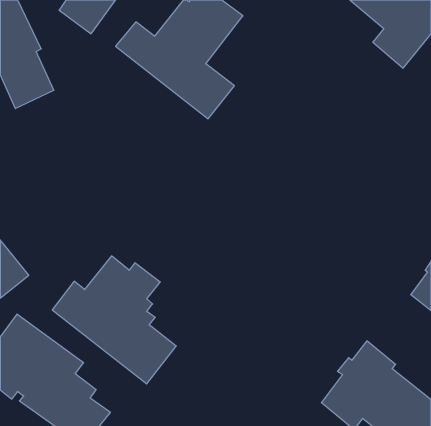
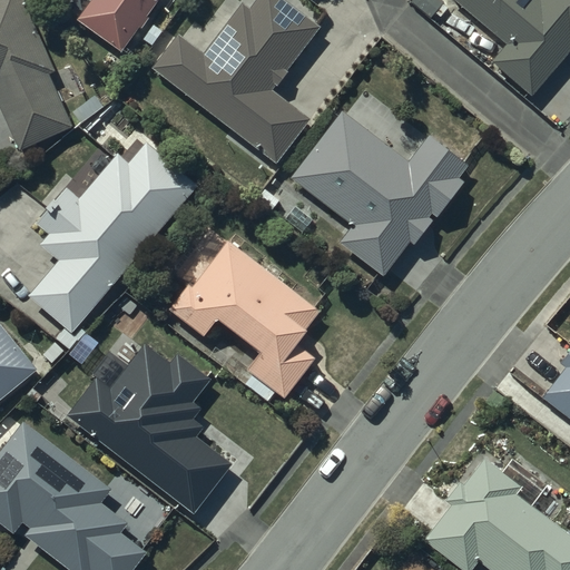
building: none -> [292,111,468,275]
building: none -> [28,140,198,332]
building: none -> [169,233,315,397]

